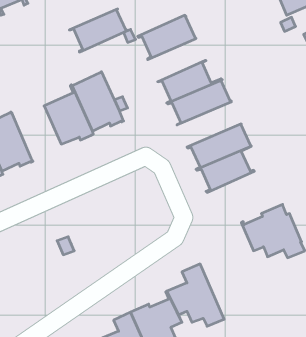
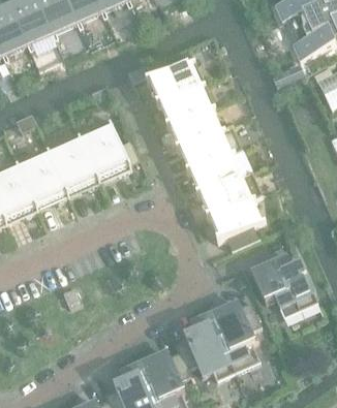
building: [69,9,127,52] -> [155,82,214,126]
building: none -> [16,144,68,205]
building: none -> [185,147,251,193]
building: none -> [209,299,261,370]

